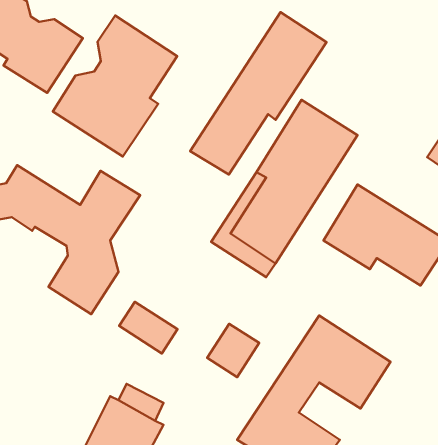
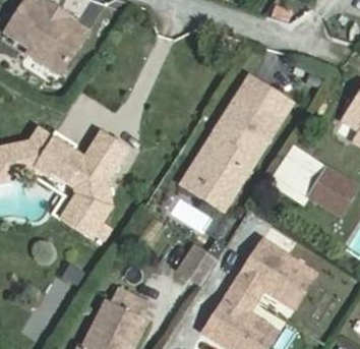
building: [190,12,326,175] -> none
building: [53,15,177,157] -> none
building: [119,302,178,353] -> none

